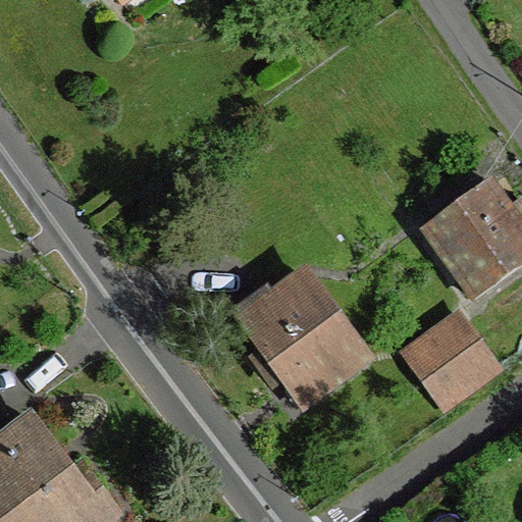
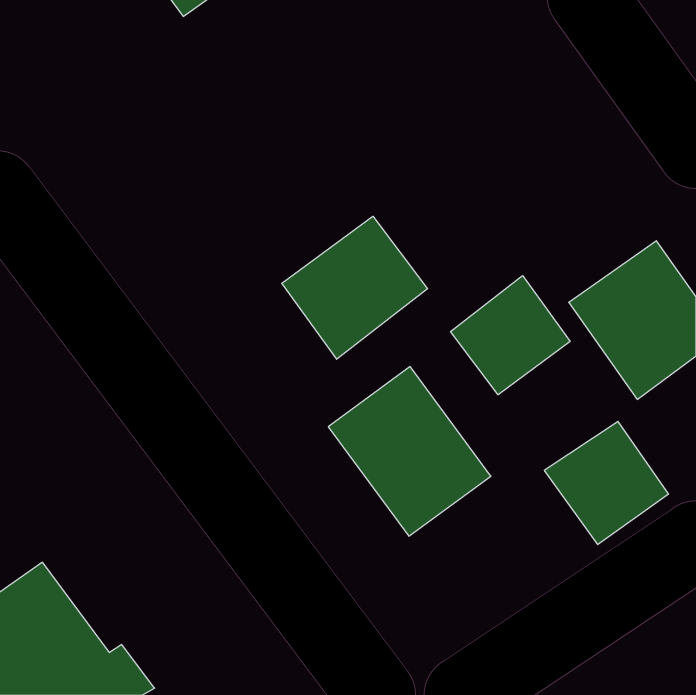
building: none -> [282,216,428,359]
building: none -> [451,276,570,395]

